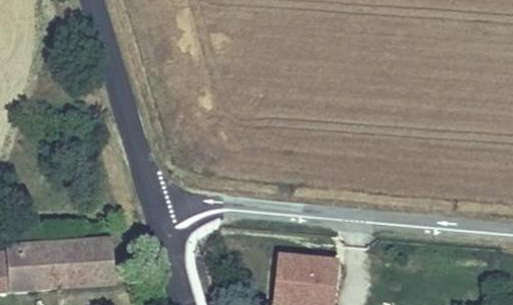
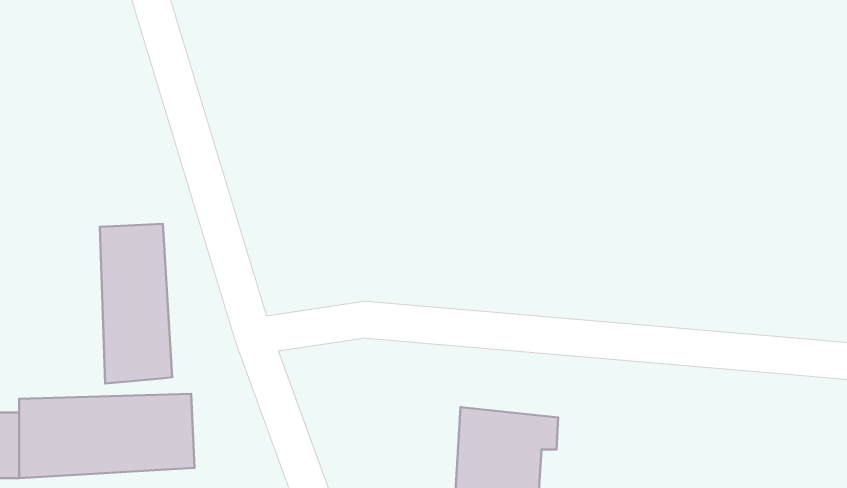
building: none -> [100,224,172,384]

